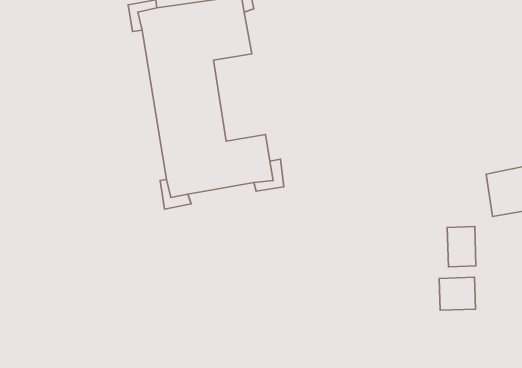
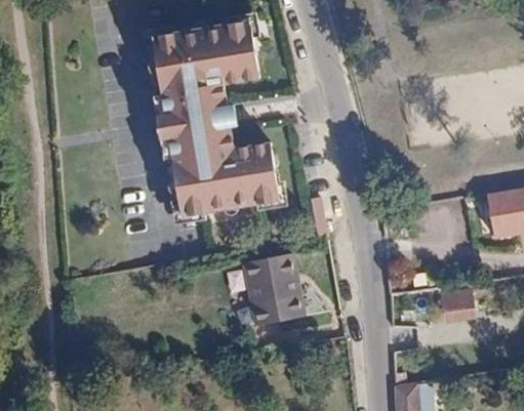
building: [447,227,476,267] -> none
building: none -> [245,256,303,326]

